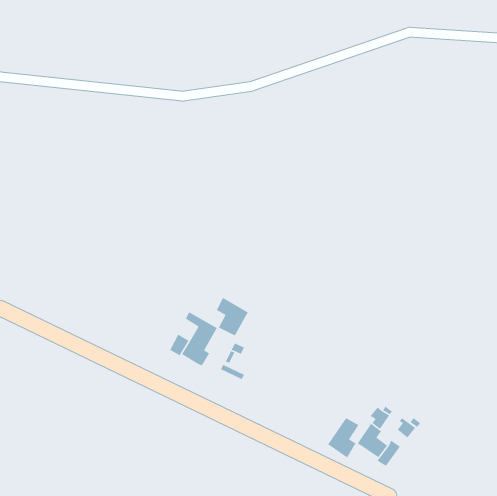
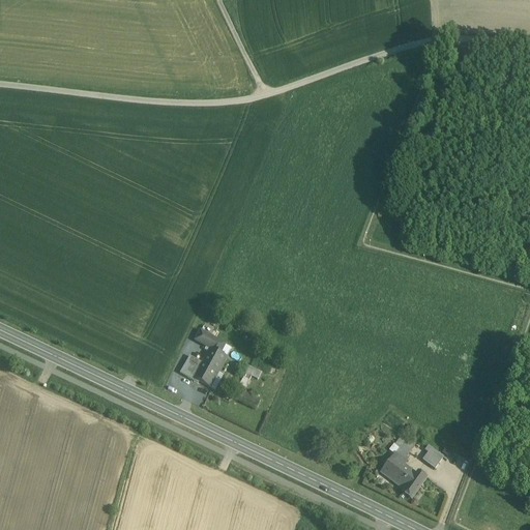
building: [215,297,249,336] -> none
building: [327,417,359,458] -> none

